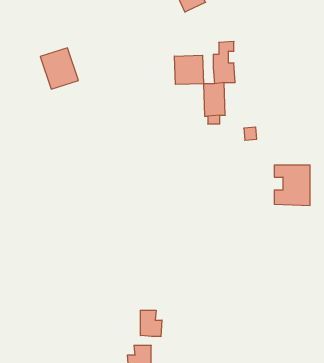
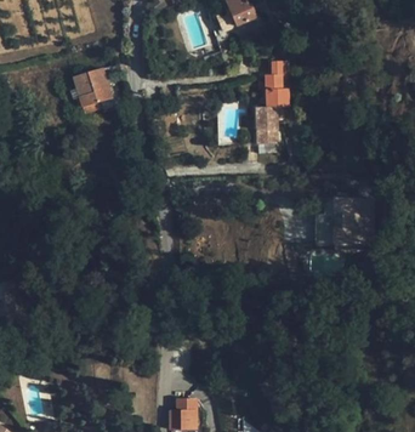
building: [174,55,203,84] -> none
building: [140,310,162,337] -> none

